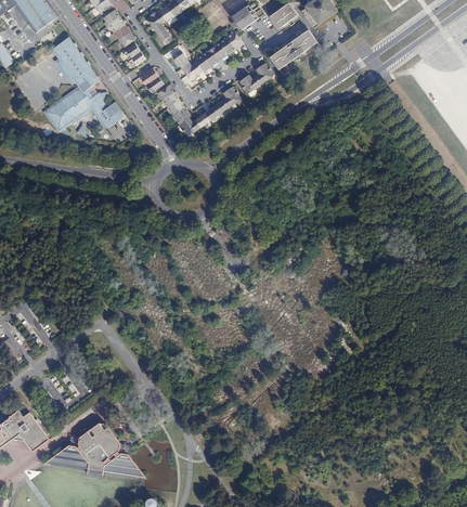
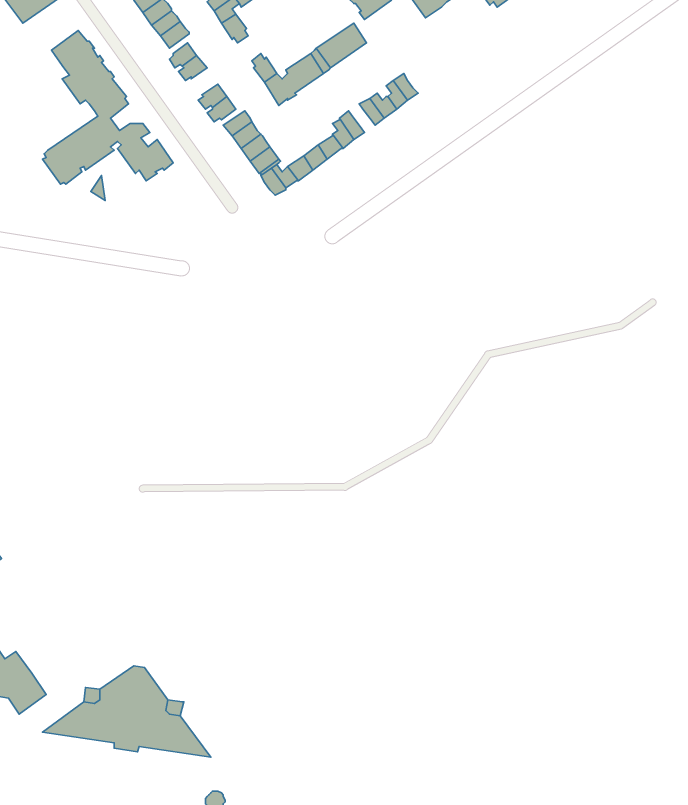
building: [269,29,320,75] -> none

